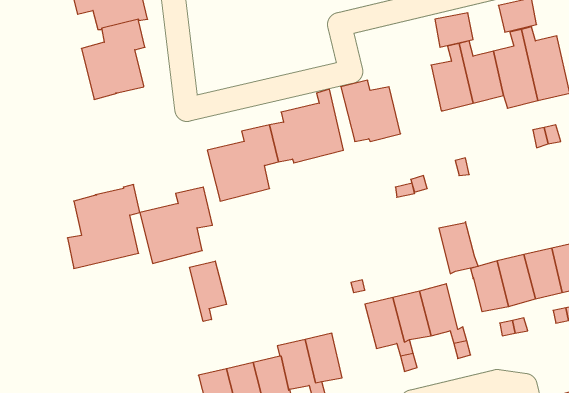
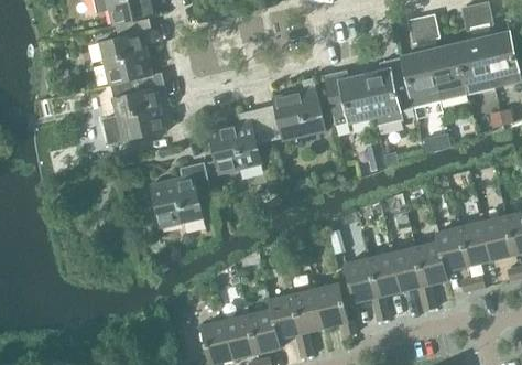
building: none -> [365,57,413,126]
building: [67,185,140,268] -> [104,73,166,146]
building: [439,222,478,274] -> [414,241,448,287]
building: [190,261,227,321] -> none
building: none -> [315,283,356,336]

